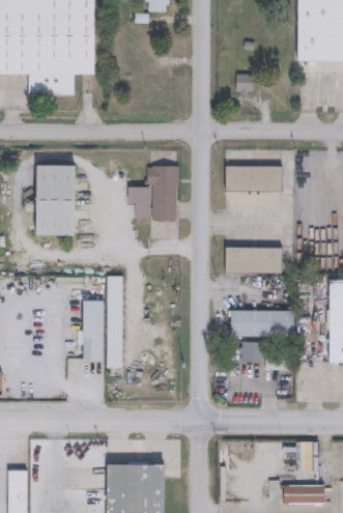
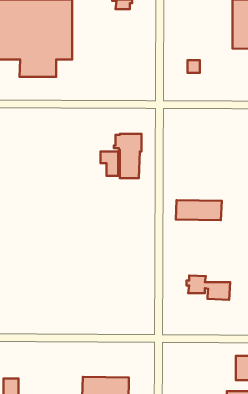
building: [33,166,76,236] -> none
building: [224,166,287,192] -> none
building: [109,277,124,368] -> none
building: [85,302,105,359] -> none
building: [229,311,292,337] -> none

